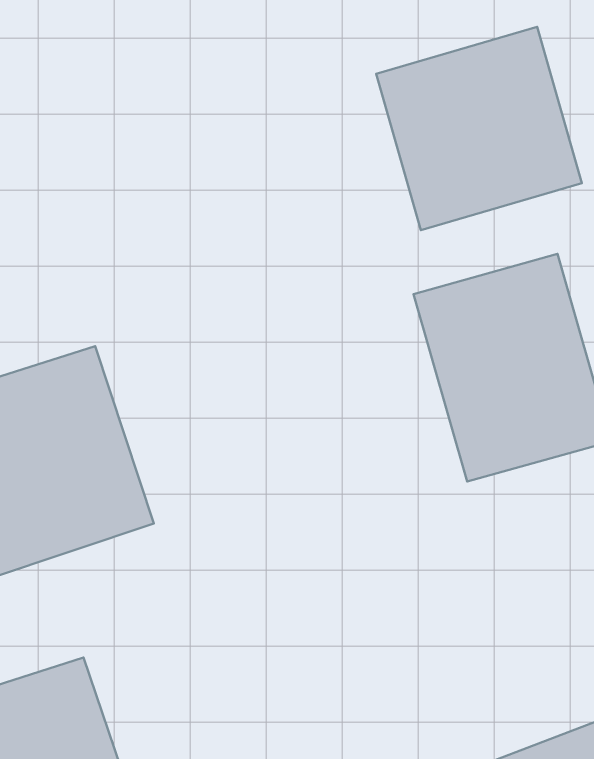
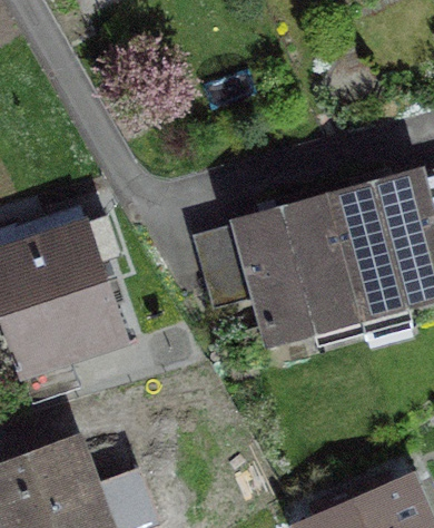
building: [376,27,582,230] -> none
building: none -> [185,198,343,351]

